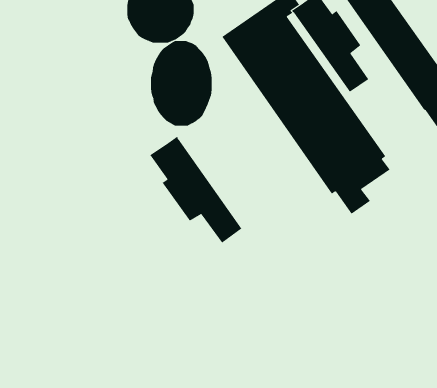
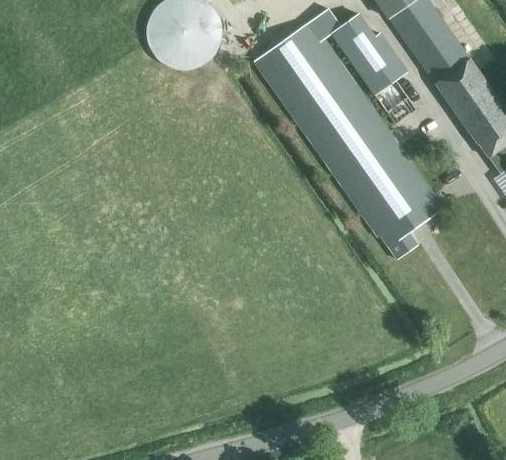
building: [150,40,212,126] -> none
building: [150,136,242,244] -> none

